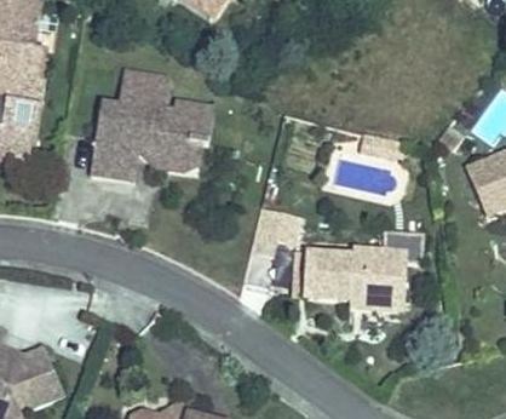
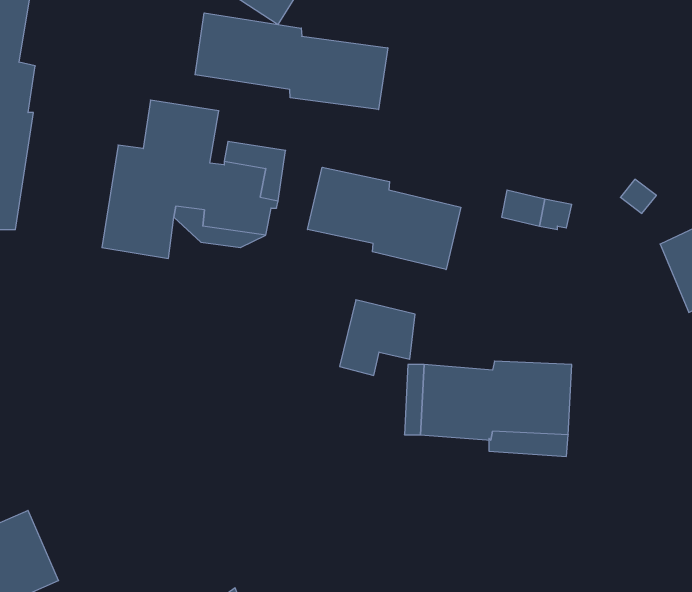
building: none -> [195,13,388,110]
building: none -> [308,167,461,270]

